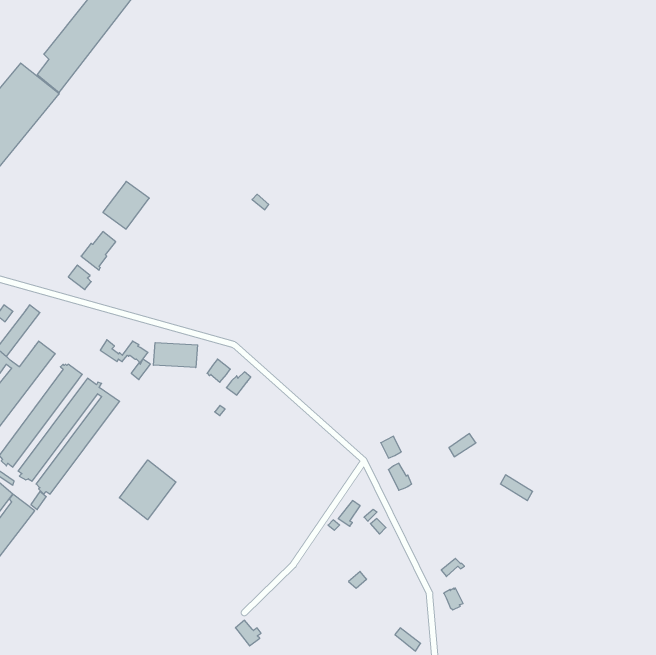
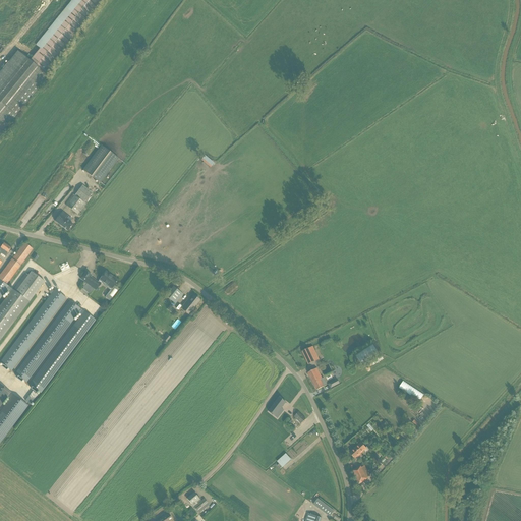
building: [153,343,198,368] -> none
building: [119,460,176,520] -> none

